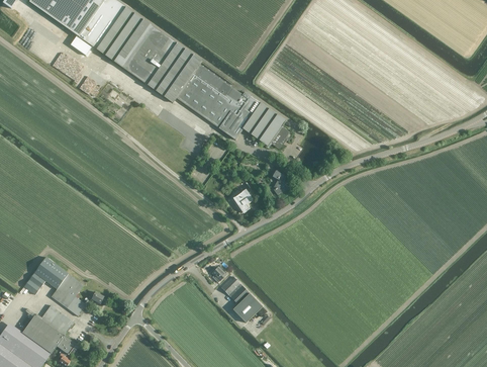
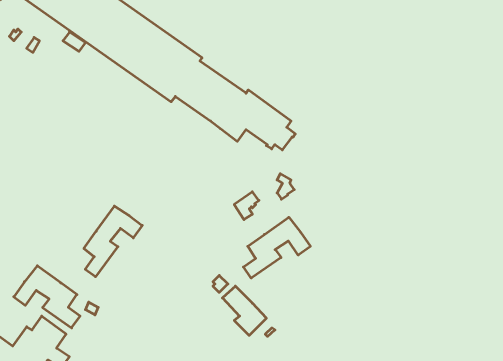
building: none -> [84,206,142,277]
building: none -> [243,217,310,278]

